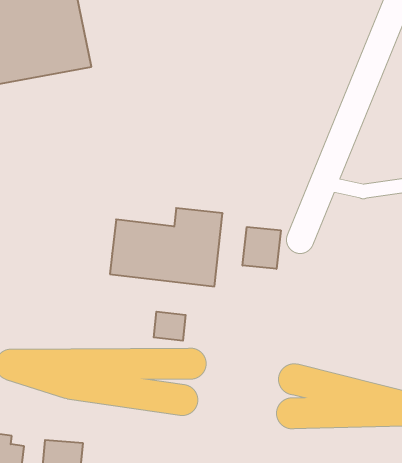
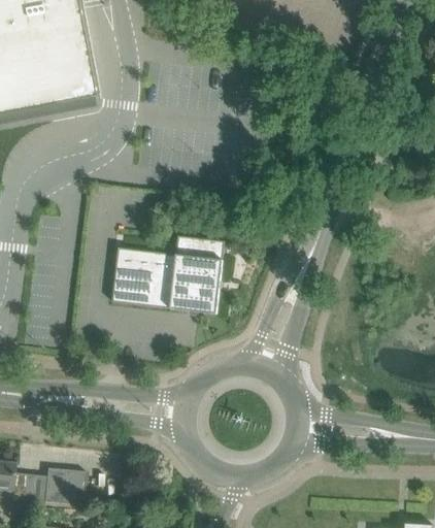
building: [243,227,281,269] -> none
building: [154,312,186,341] -> none

